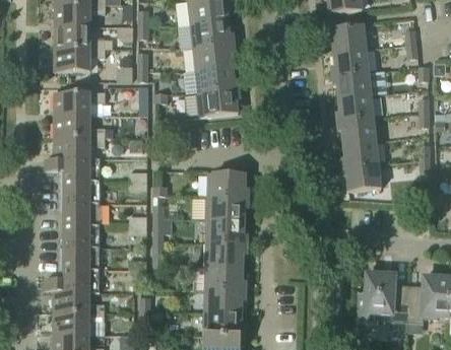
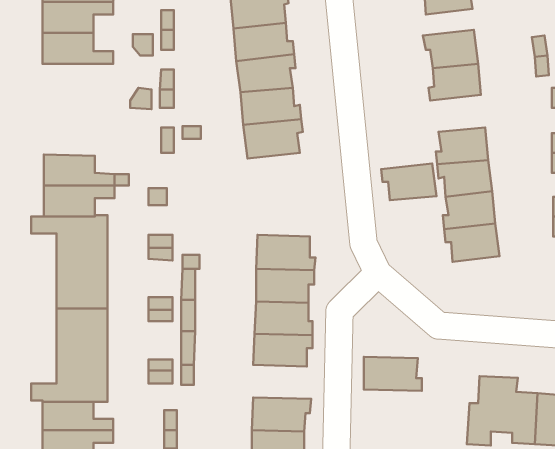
building: [53,49,104,71] -> none
building: [331,71,371,97] -> [381,164,436,200]
building: [54,91,105,115] -> none
building: [204,265,246,289] -> [364,357,422,391]

